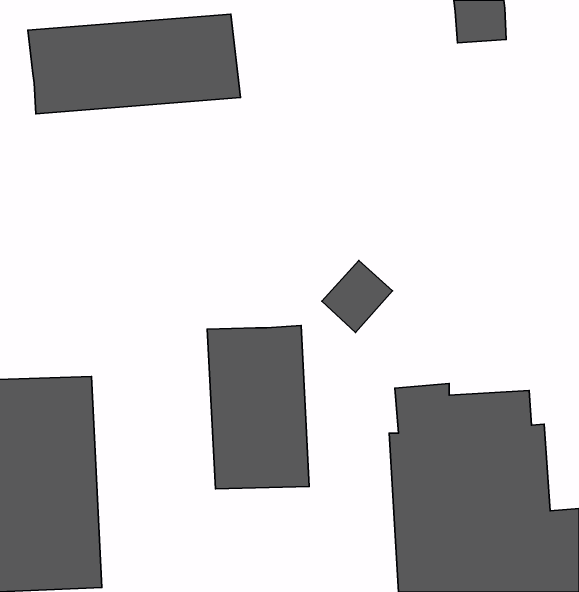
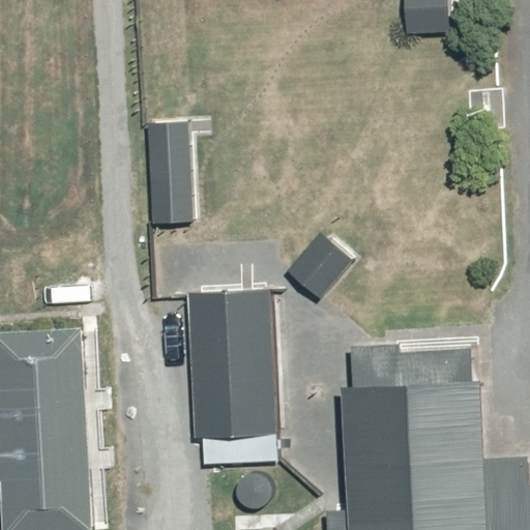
building: [28,14,241,114] -> none
building: none -> [141,120,193,227]

